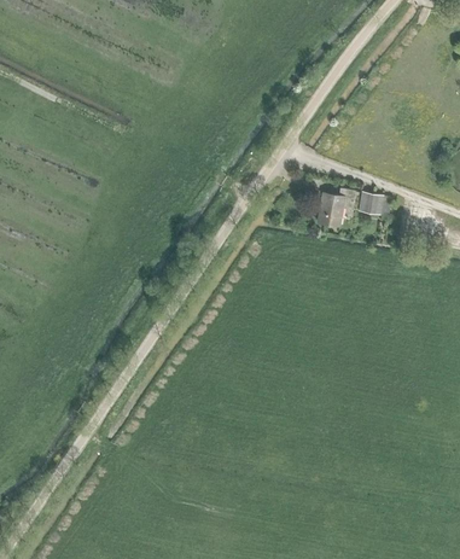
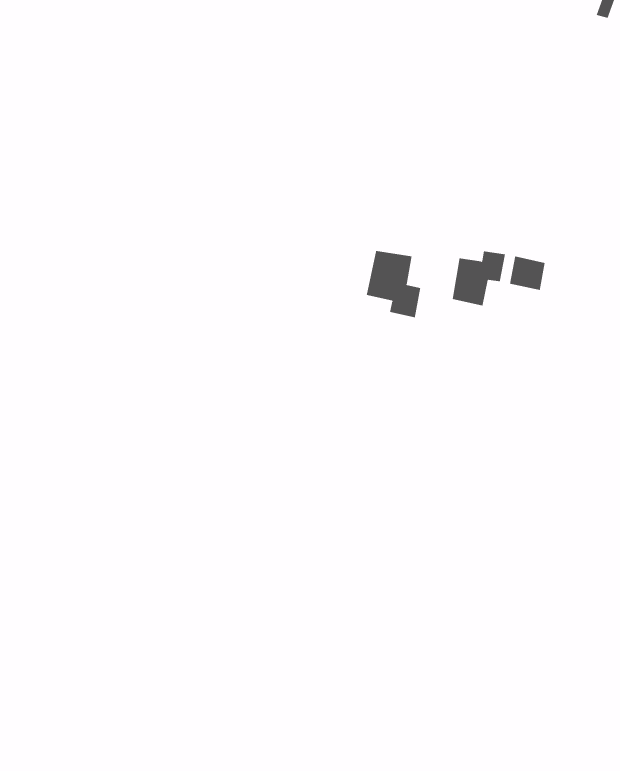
building: none -> [366,250,421,318]

